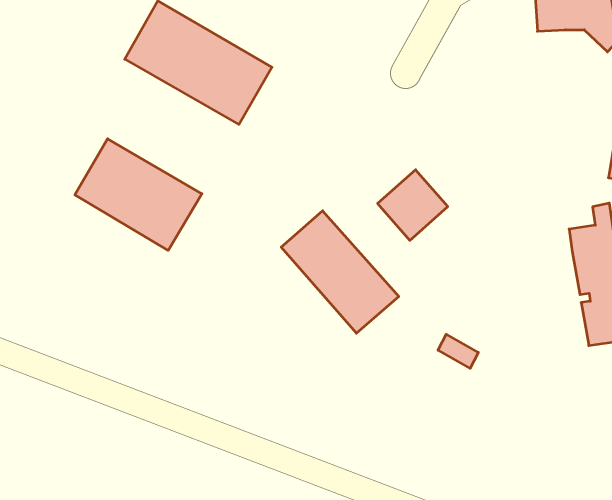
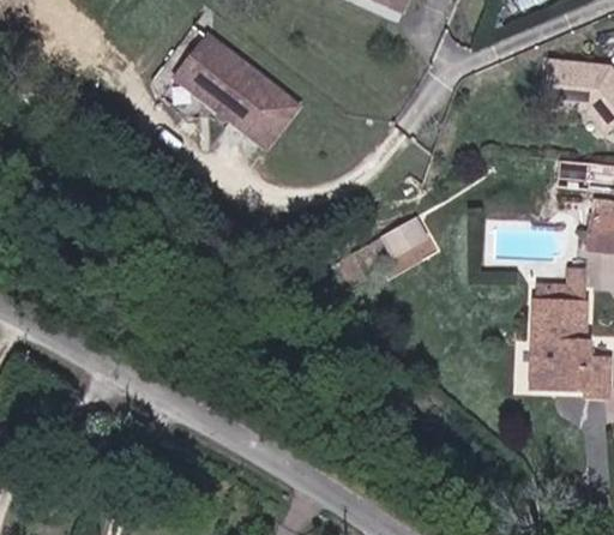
building: [75,139,202,250] -> none
building: [281,211,399,333] -> none

